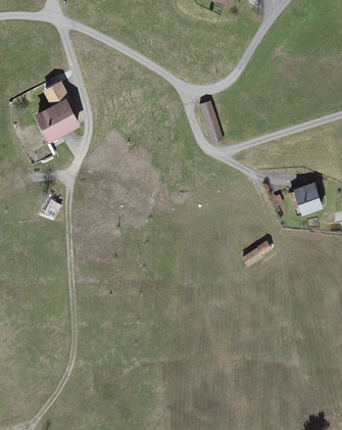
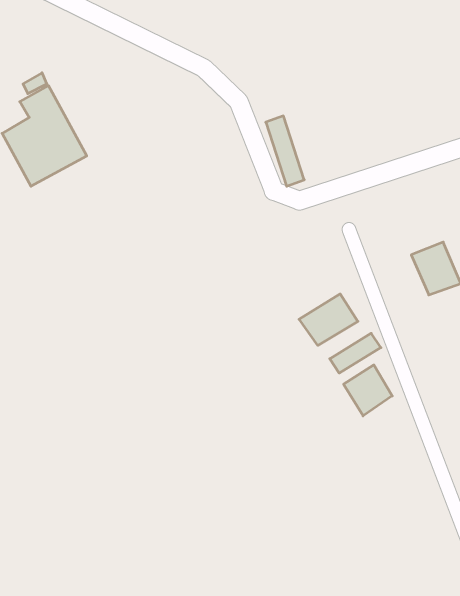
building: none -> [299,294,358,345]
building: none -> [344,365,392,416]

